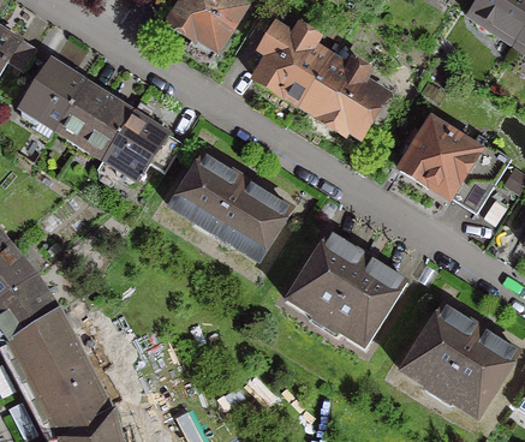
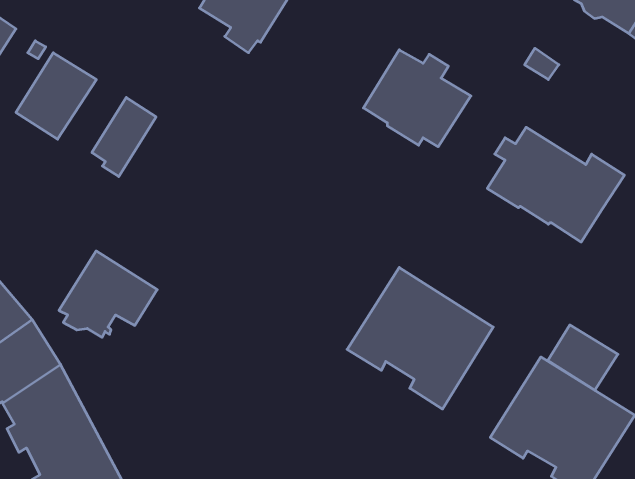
building: [252,26,329,104] -> none
building: [54,82,109,141] -> none
building: [103,112,183,181] -> [59,251,157,337]
building: [171,155,291,262] -> none
building: none -> [548,325,618,390]

